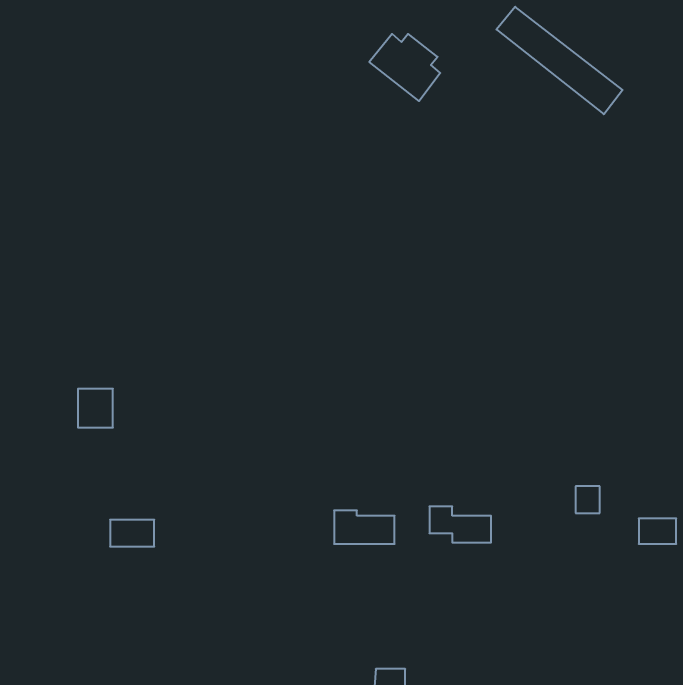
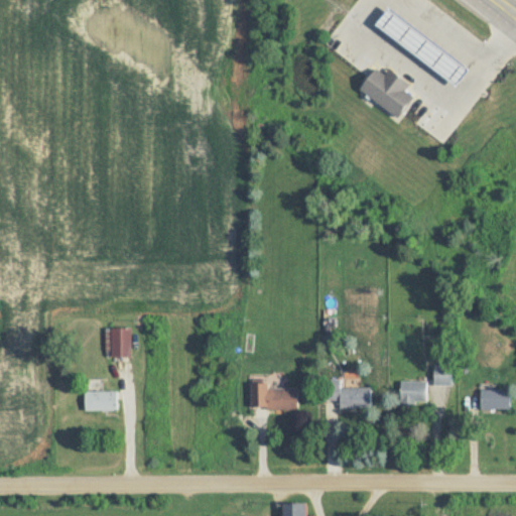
building: [369,34,440,101] -> [359,67,412,117]
building: [78,389,113,428] -> [104,329,130,358]
building: none -> [399,382,425,408]

